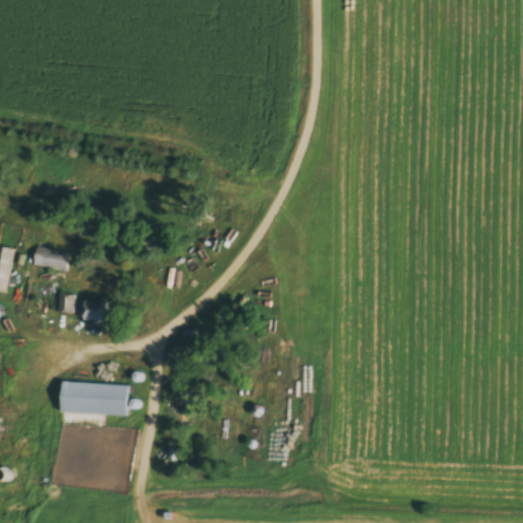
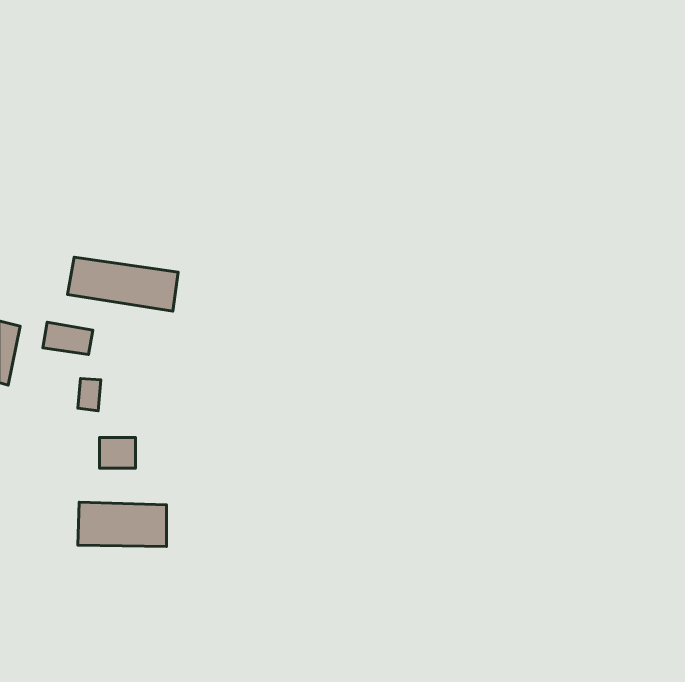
building: none -> [67,257,178,311]
building: [80,299,107,323] -> [99,437,136,468]

